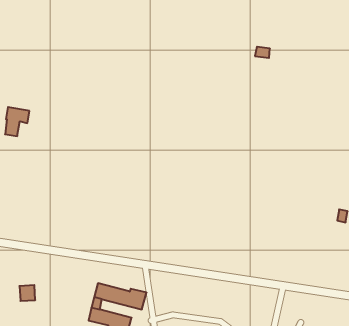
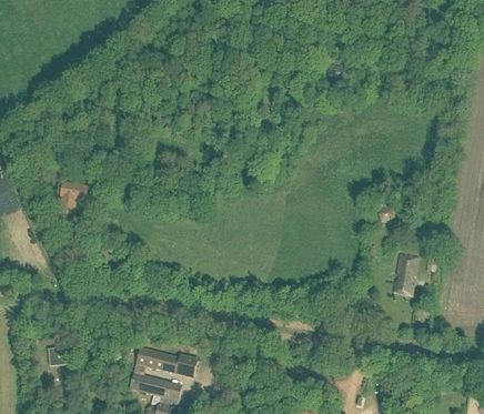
building: [5,107,29,136] -> [59,181,88,215]
building: none -> [394,254,419,294]

